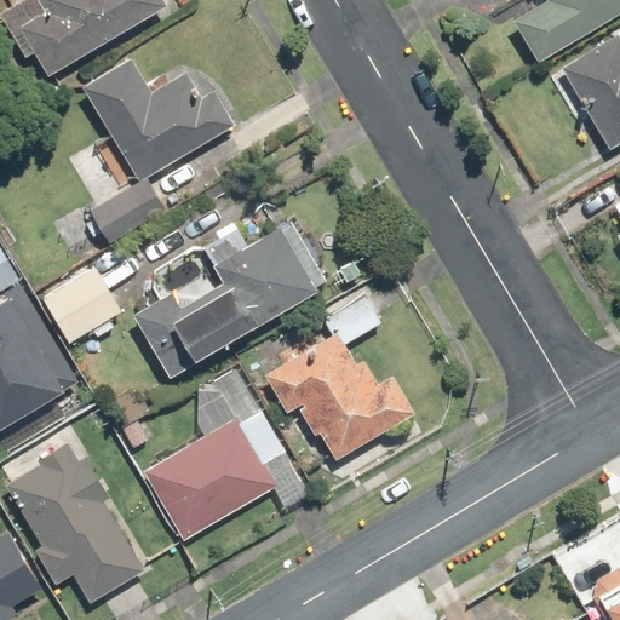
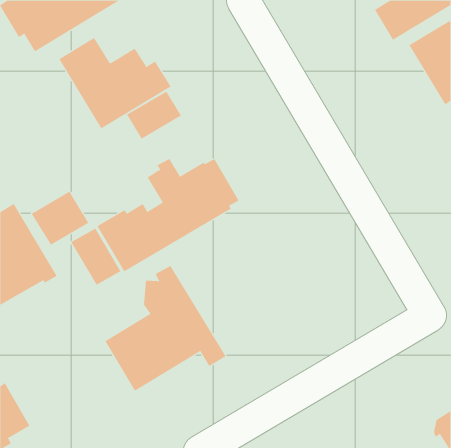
building: [91,179,167,246] -> [126,91,182,139]
building: [264,295,415,460] -> none
building: none -> [71,228,121,285]
building: [5,442,145,604] -> none

